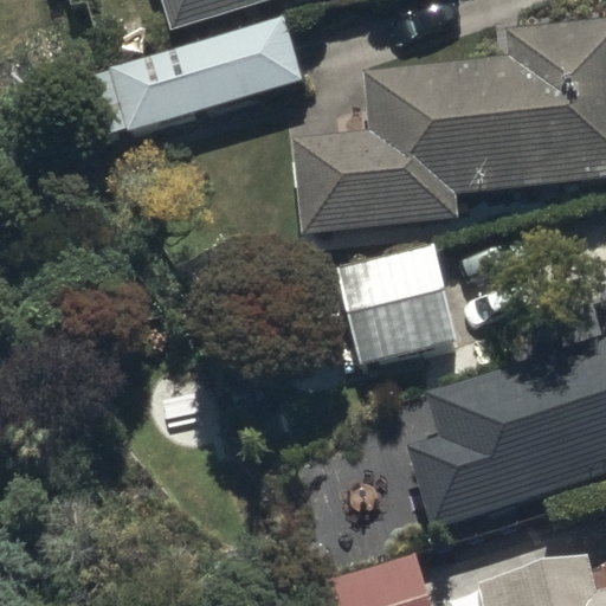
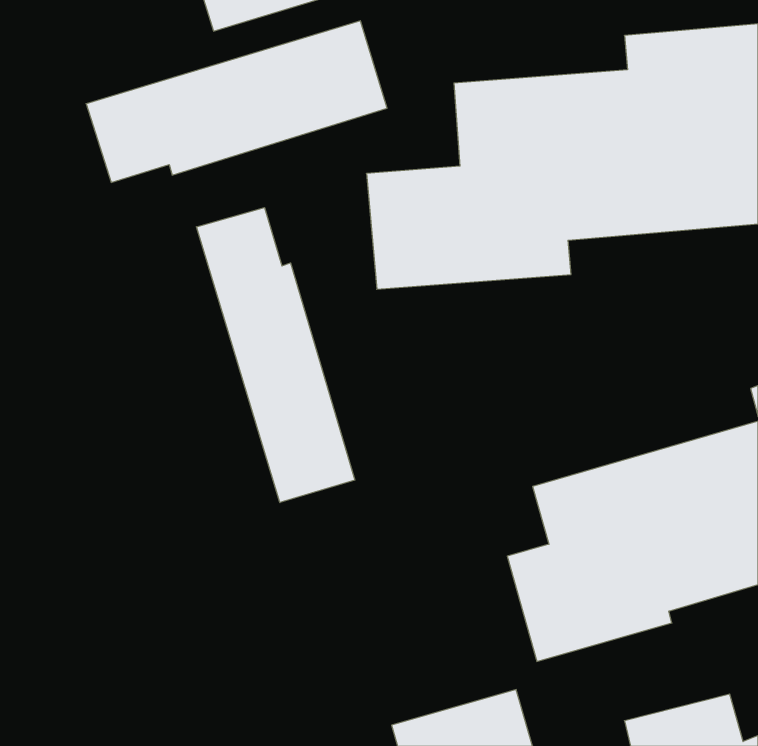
building: none -> [196,208,355,503]
building: [341,251,460,368] -> none

